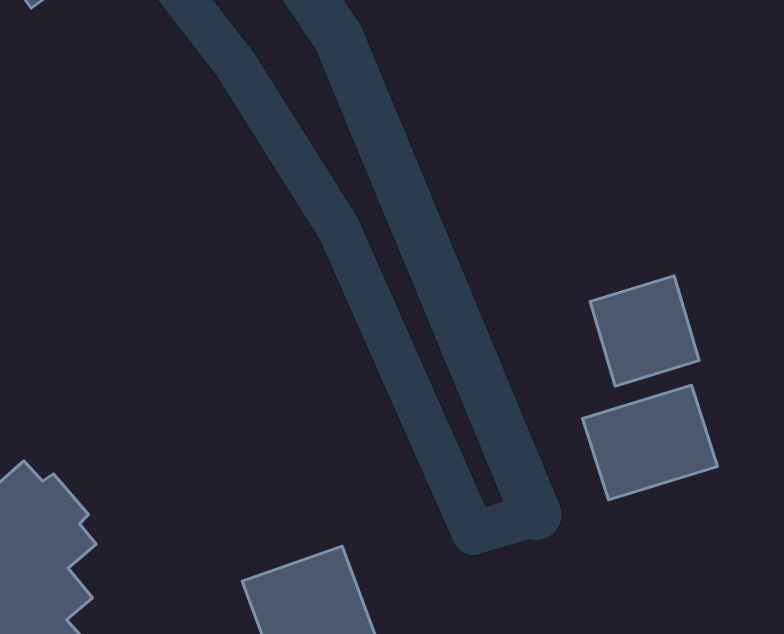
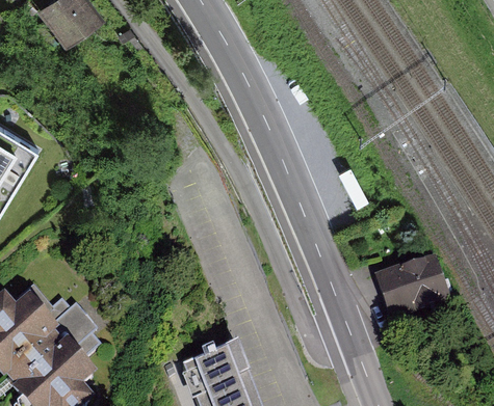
building: [590,276,699,386] -> none

